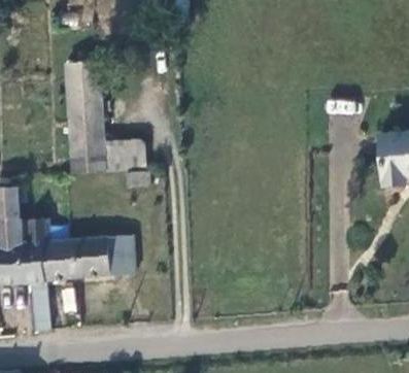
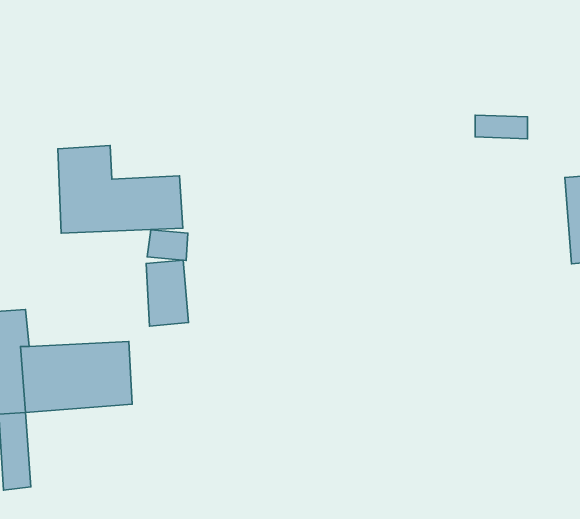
building: [66,57,100,120] -> none
building: [111,235,137,275] -> [146,260,188,326]

